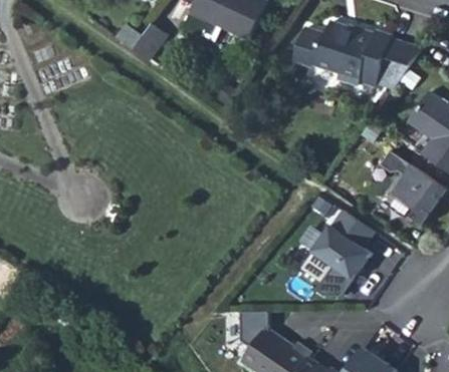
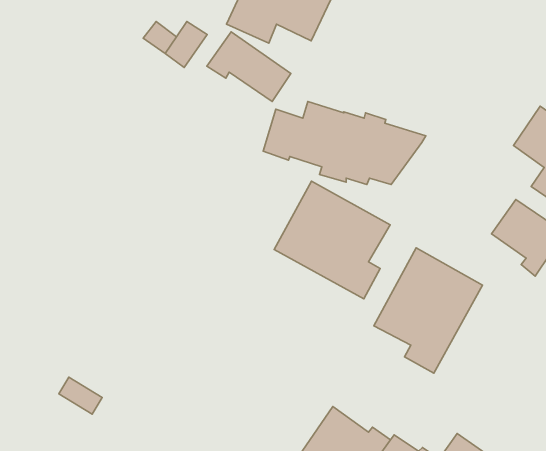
building: [292,21,420,86] -> [263,101,426,185]
building: none -> [207,32,291,102]
building: none -> [274,181,390,299]

